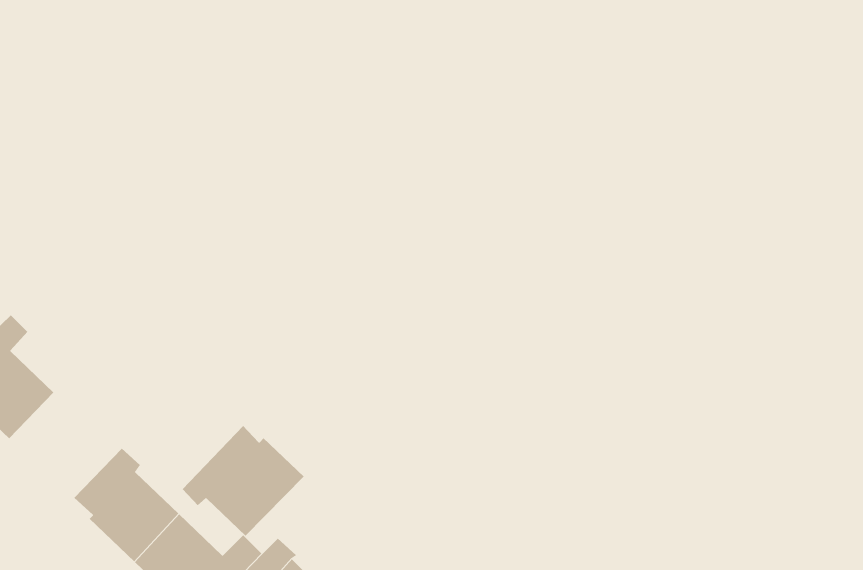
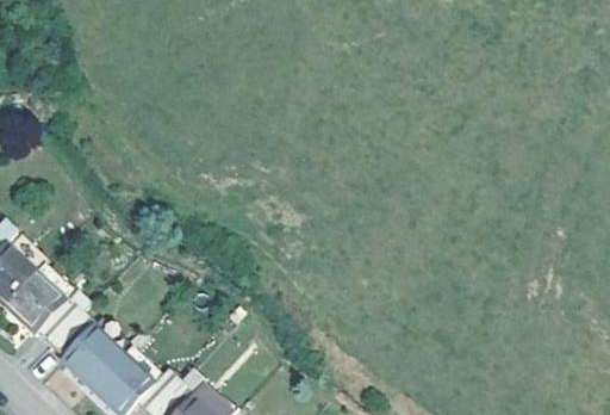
building: none -> [7,271,92,343]
building: [182,425,304,536] -> none

